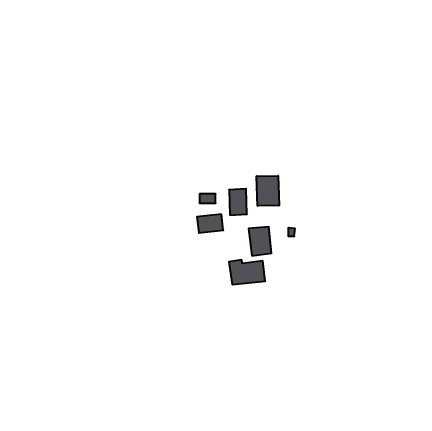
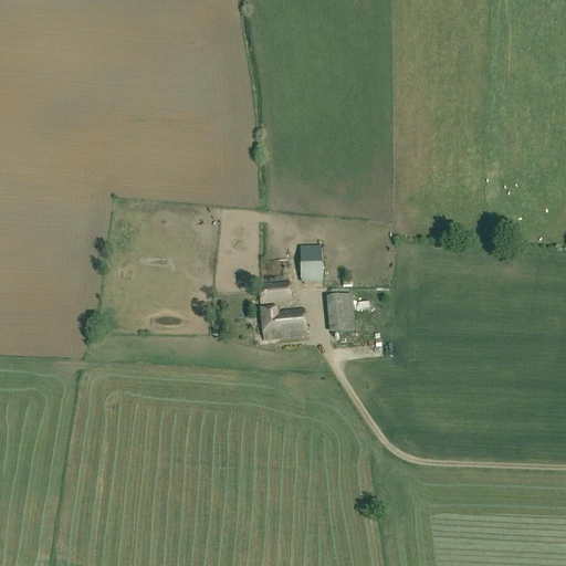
building: [257,176,279,206] -> none
building: [229,260,265,285] -> [260,306,307,338]

